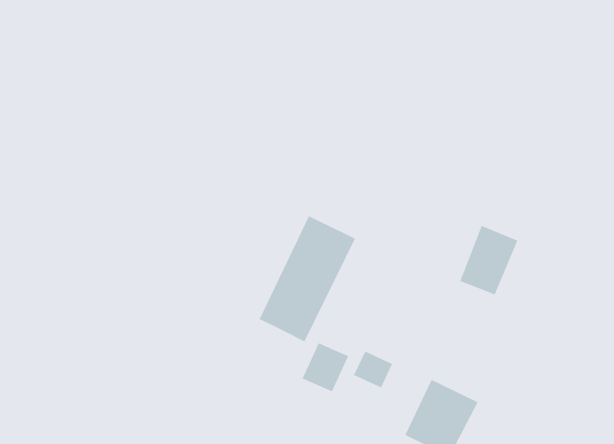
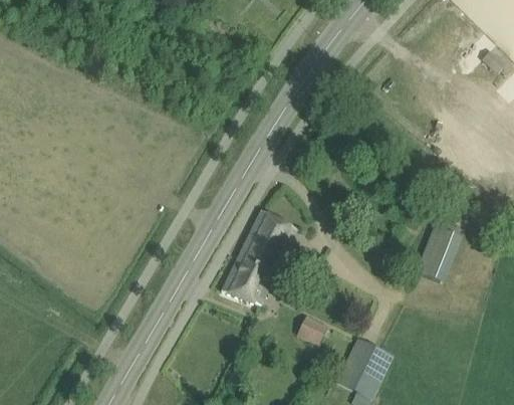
building: [459,225,518,295] -> [417,225,463,280]
building: [302,343,349,392] -> none

